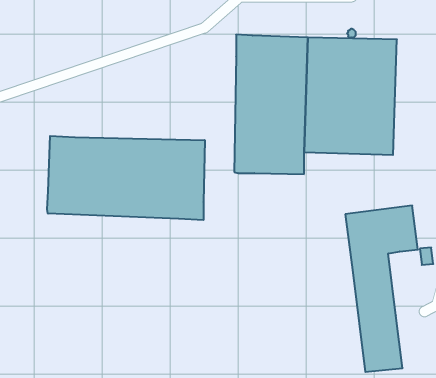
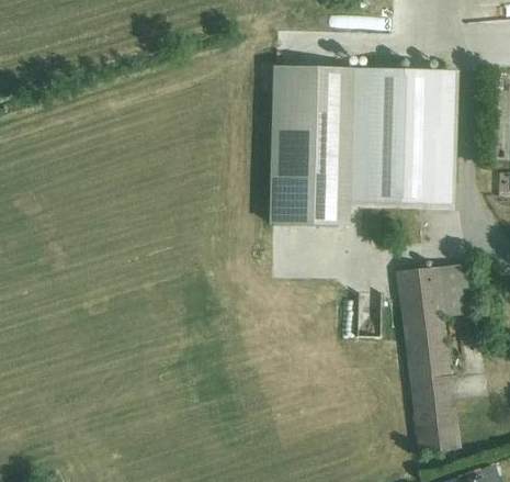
building: [47,136,205,220] -> none

